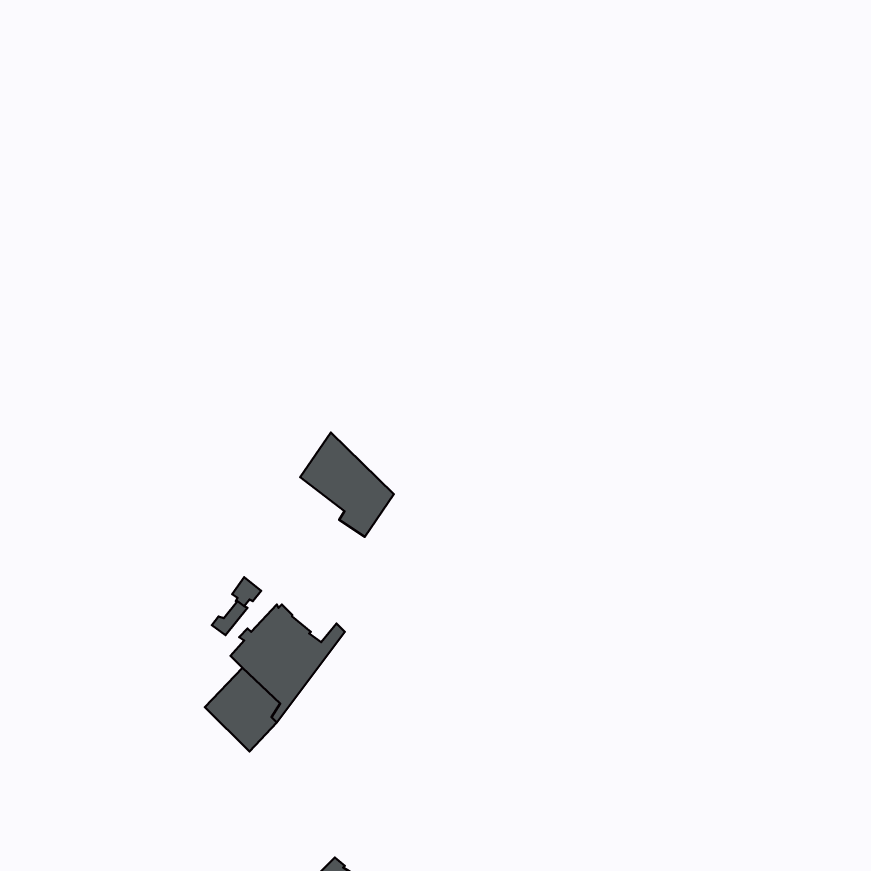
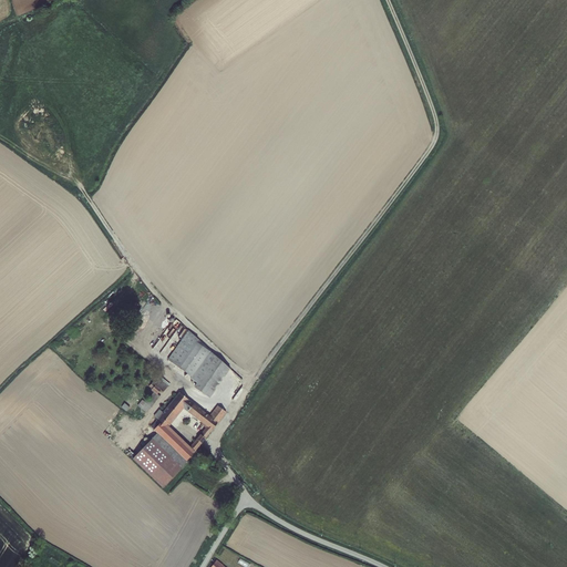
building: [300,433,394,537] -> [169,331,230,399]

